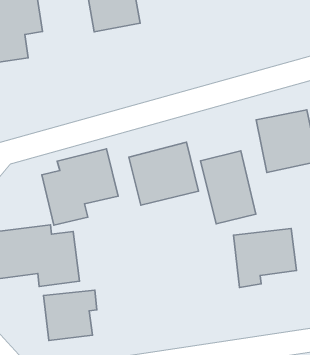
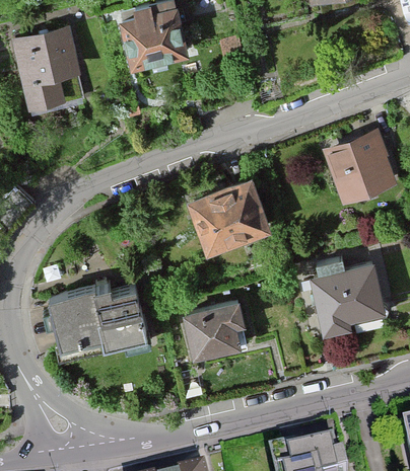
building: [42,149,118,225] -> none
building: [200,151,256,224] -> none
building: [44,290,97,340] -> [184,300,244,360]

